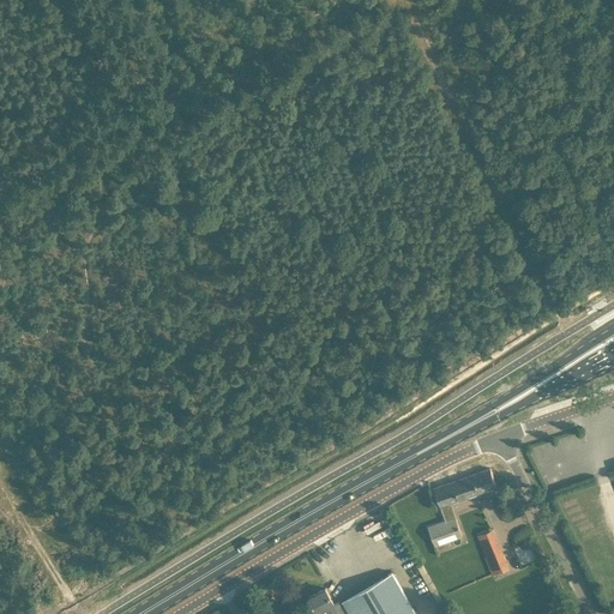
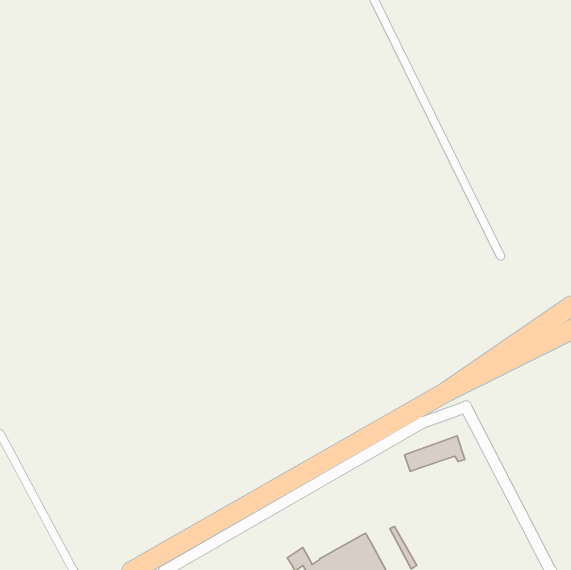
building: [428,518,462,546] -> none
building: [477,530,508,576] -> none

